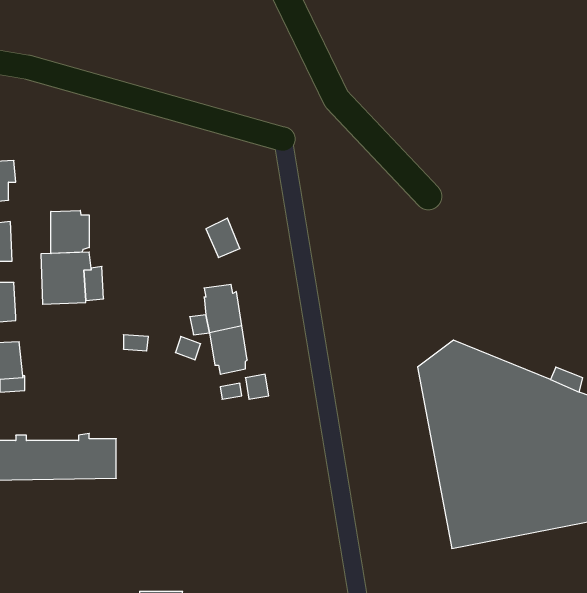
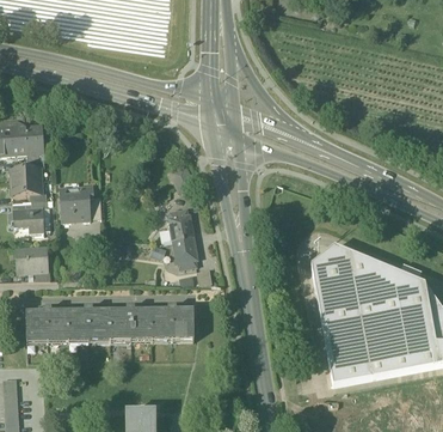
building: [51,210,89,254] -> none
building: none -> [110,308,193,337]

